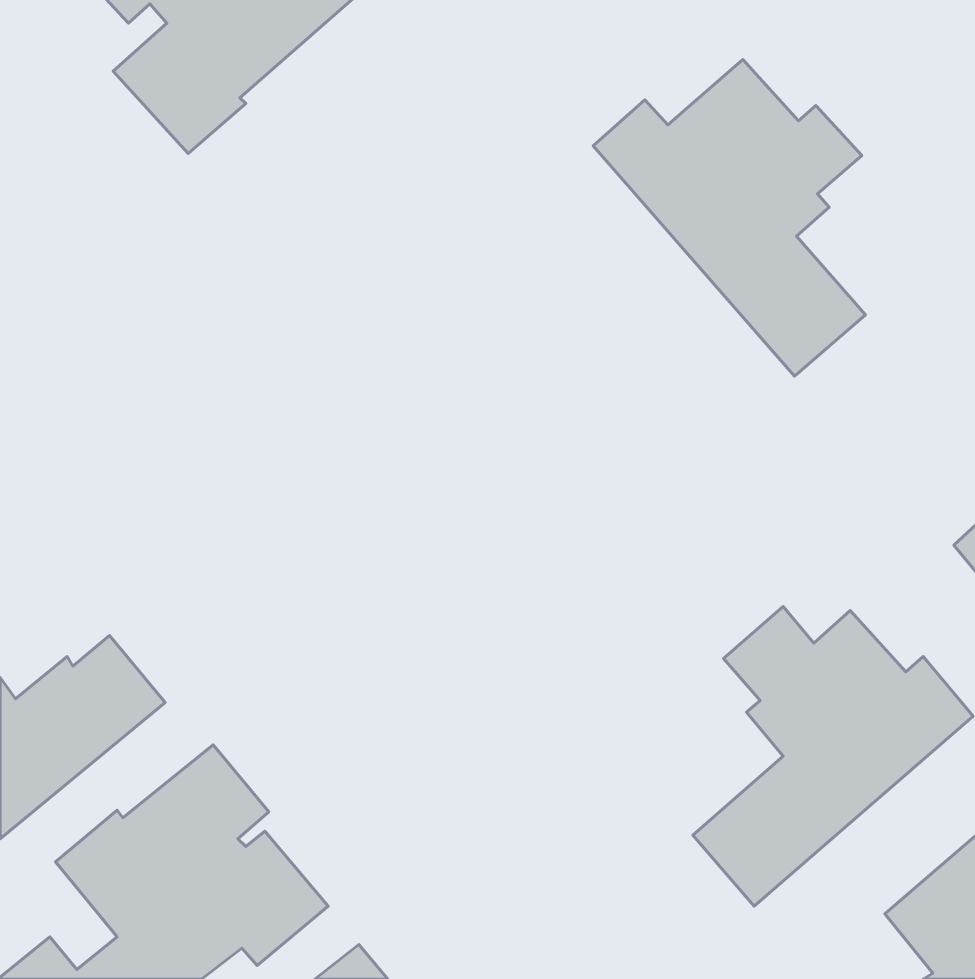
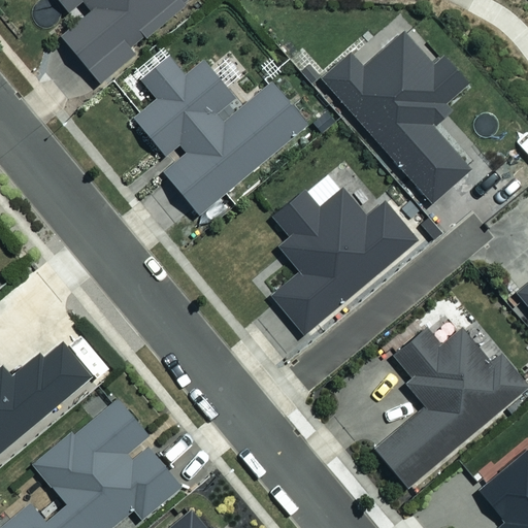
building: none -> [137,55,306,213]
building: none -> [271,189,415,334]

